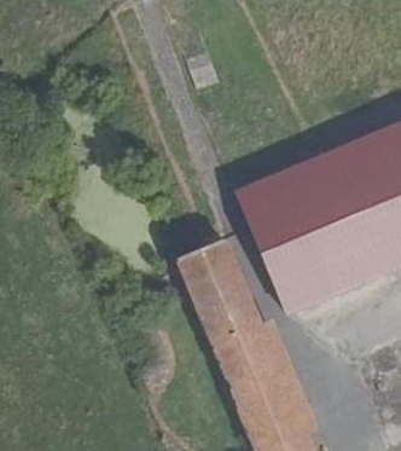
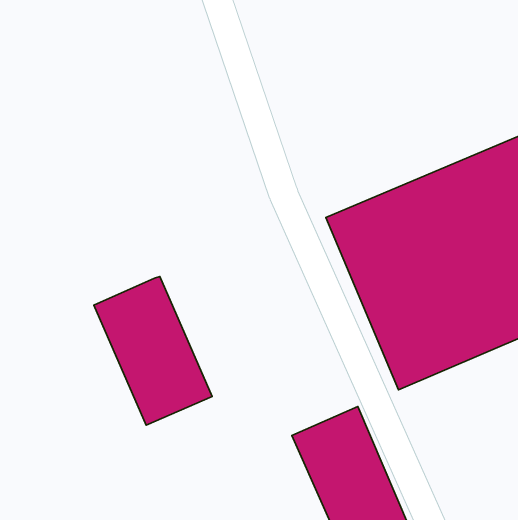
building: [175,241,260,347] -> [94,276,212,425]

